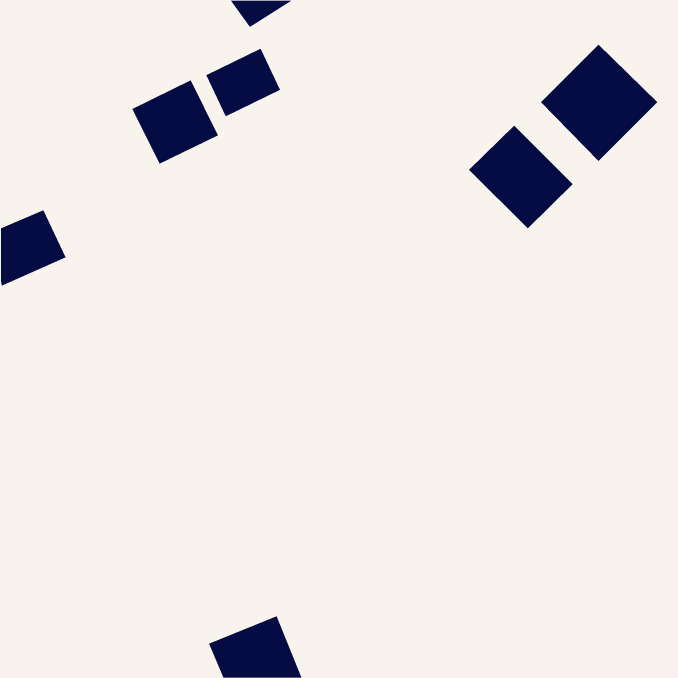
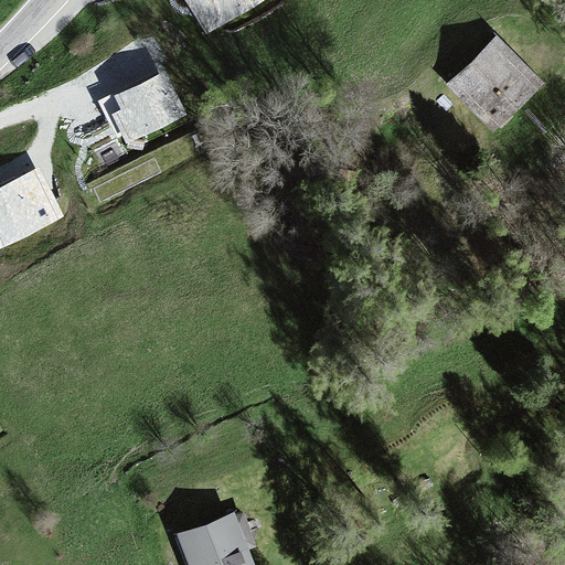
building: [205,48,281,117] -> none
building: [468,125,574,229] -> none

